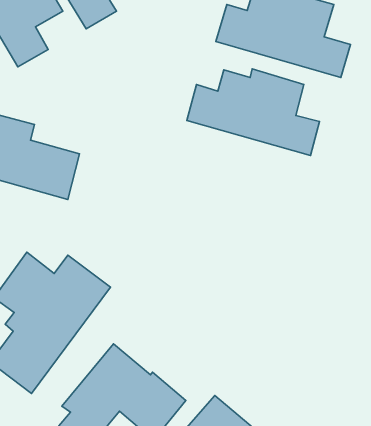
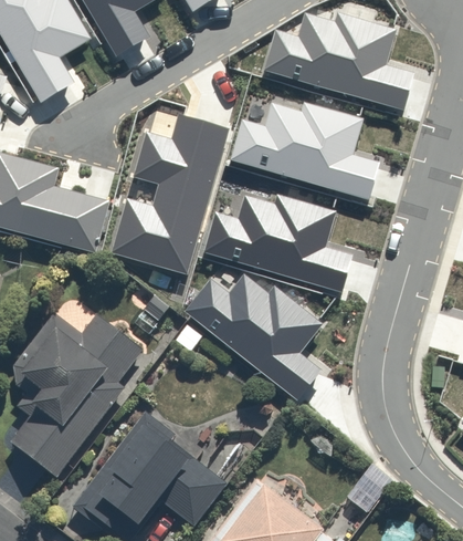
building: none -> [112,116,229,277]
building: none -> [203,196,354,292]
building: none -> [185,274,323,403]

